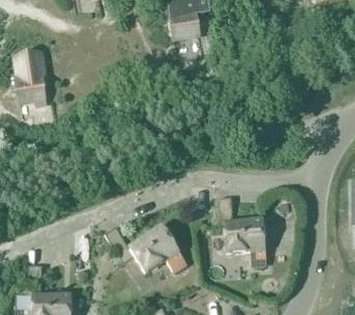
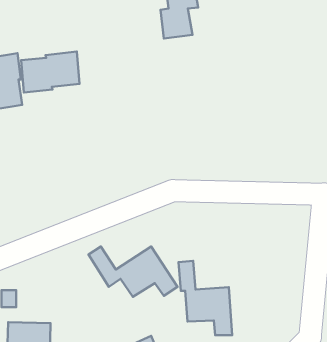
building: none -> [21,52,79,92]
building: [218,197,267,264] -> [178,261,232,335]

